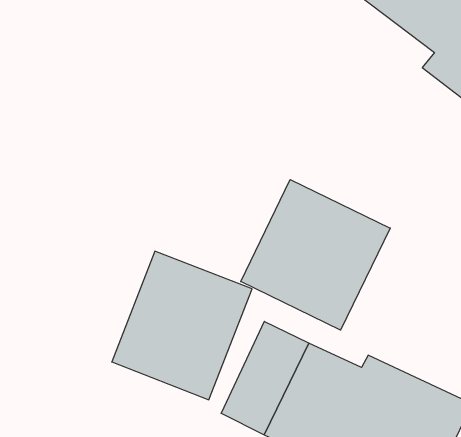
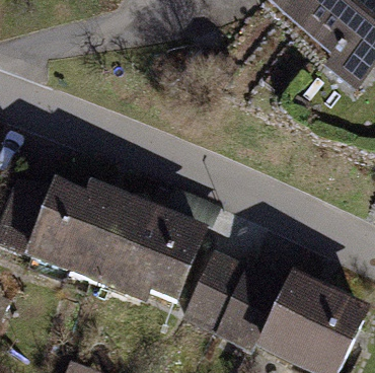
building: [241,180,390,330] -> none
building: none -> [26,170,132,281]

